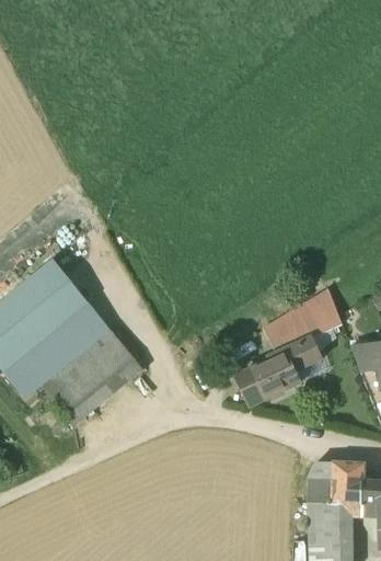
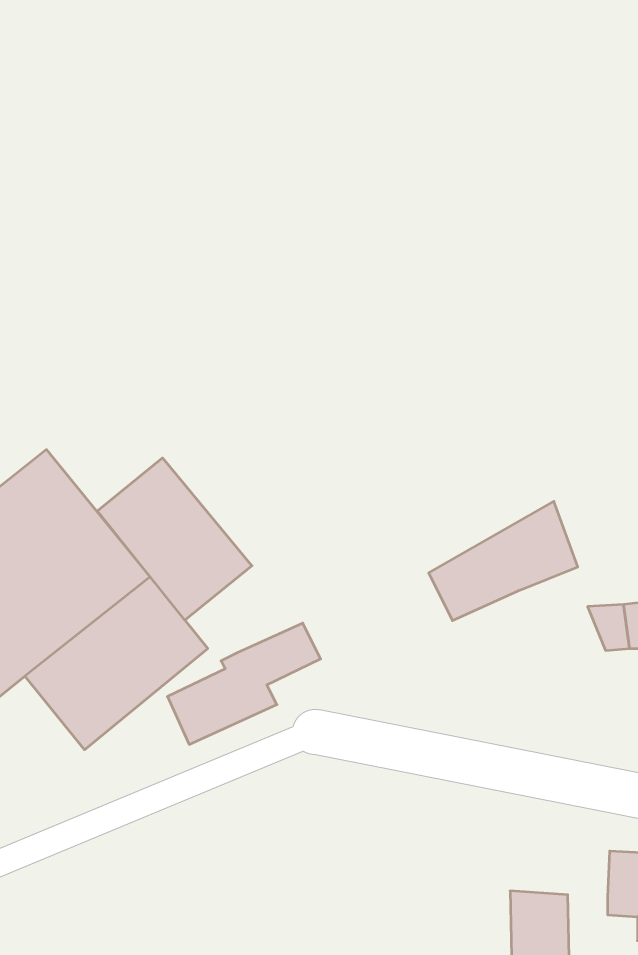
building: none -> [98,458,252,620]
building: [238,336,322,403] -> [167,623,321,744]
building: [307,461,363,505] -> none

